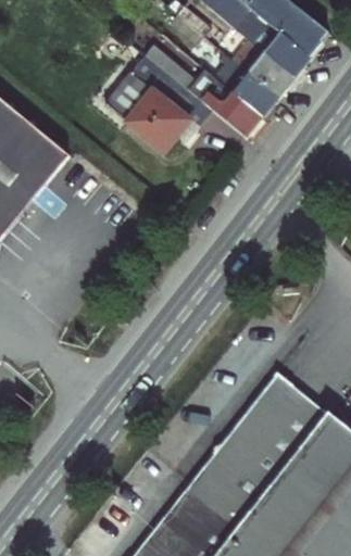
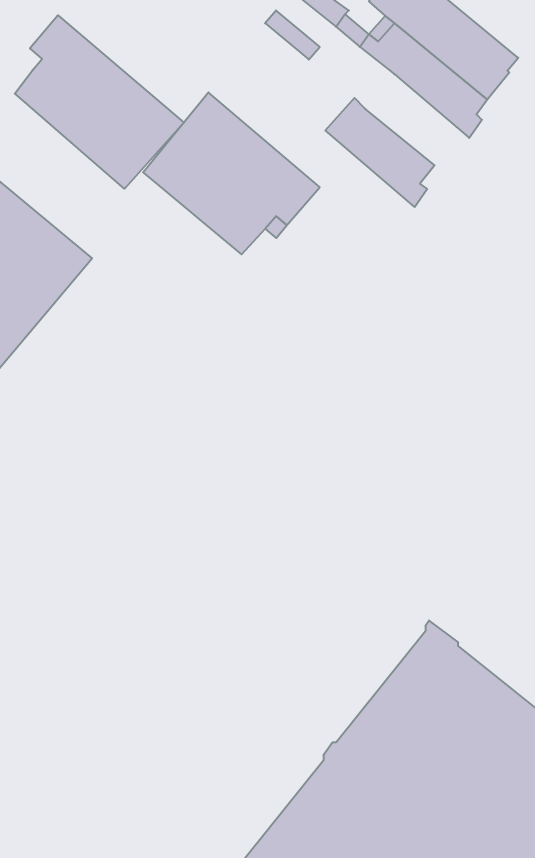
building: none -> [15,15,184,189]
building: [142,47,265,142] -> none
building: [236,47,298,101] -> none

